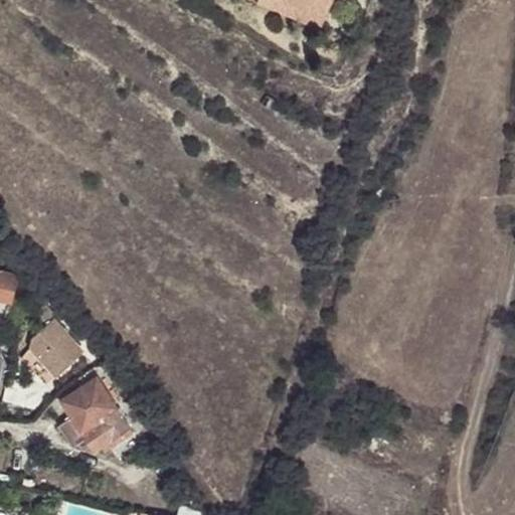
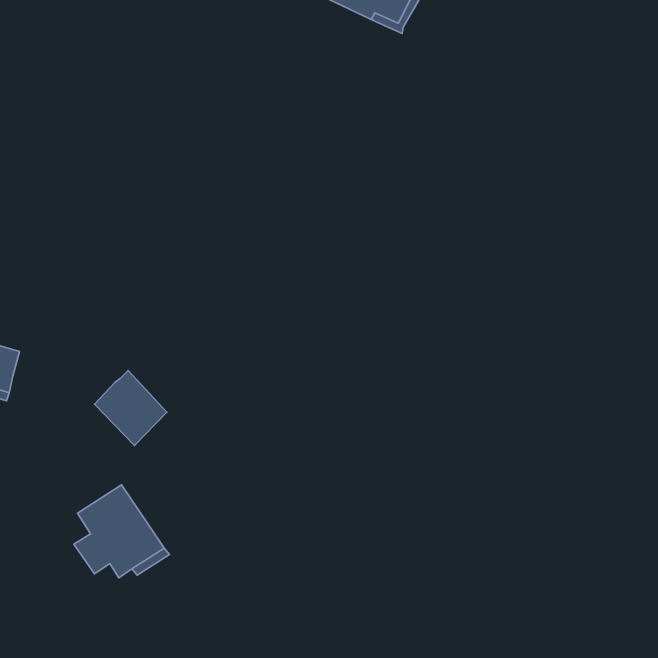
building: [26,319,82,377] -> [94,371,167,446]

